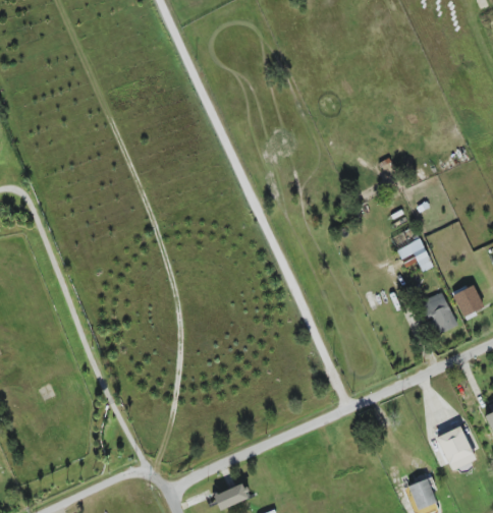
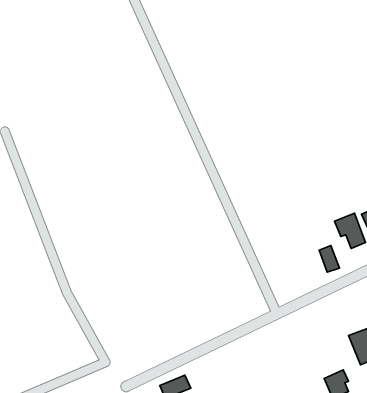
building: [397,238,434,272] -> none
building: none -> [319,246,340,272]

